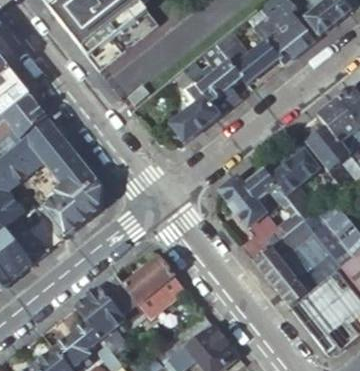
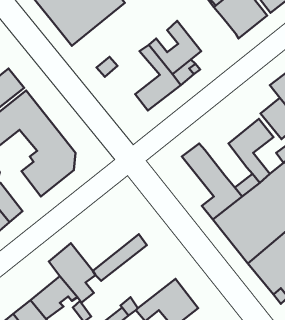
building: [214,31,278,83] -> none
building: [244,169,290,212] -> none
building: [98,257,172,316] -> none

